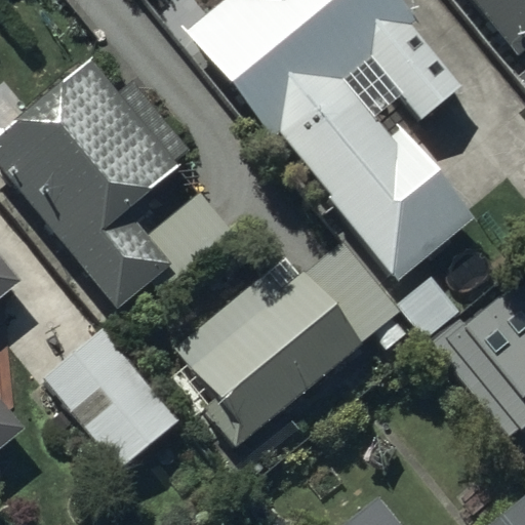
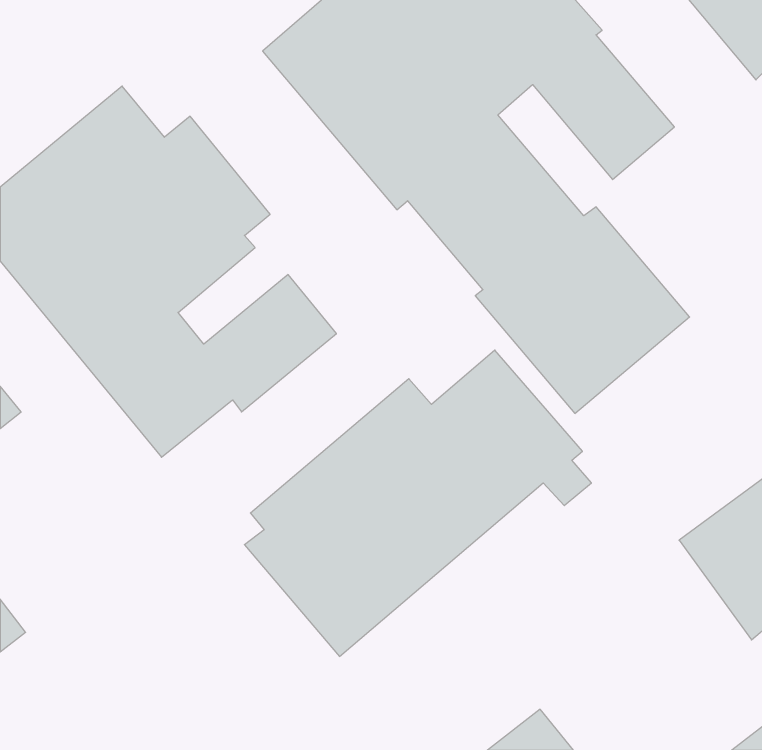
building: [42,325,183,471] -> none

